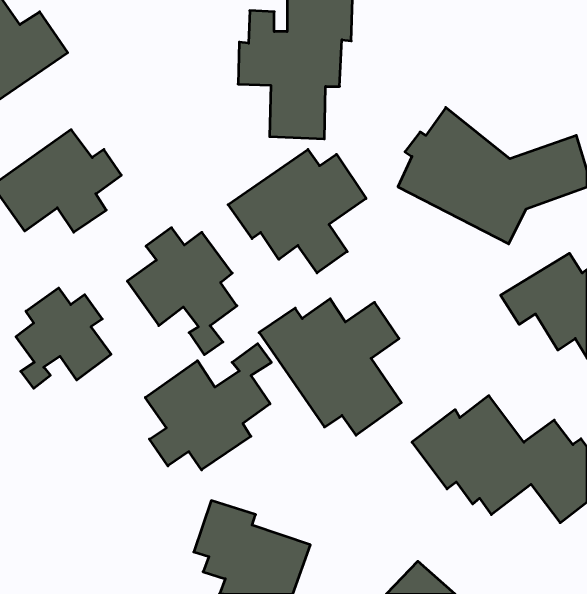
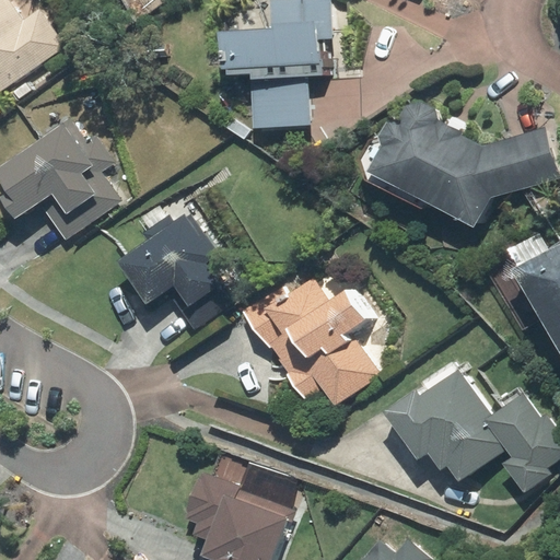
building: [228,149,366,273] -> none
building: [16,288,111,388] -> none
building: [145,344,271,470] -> none

